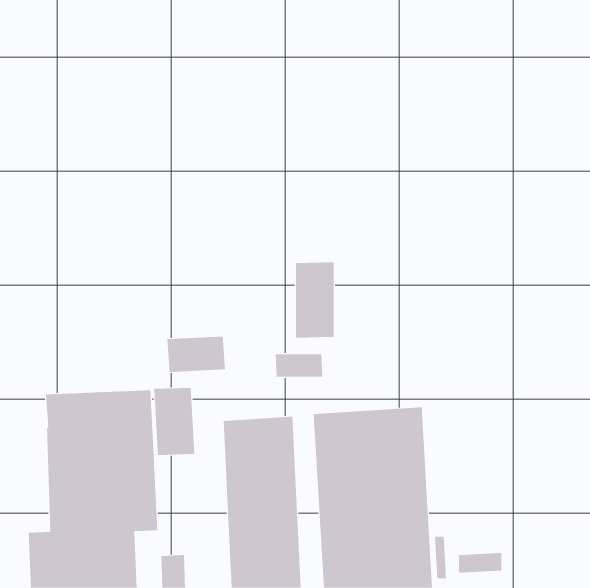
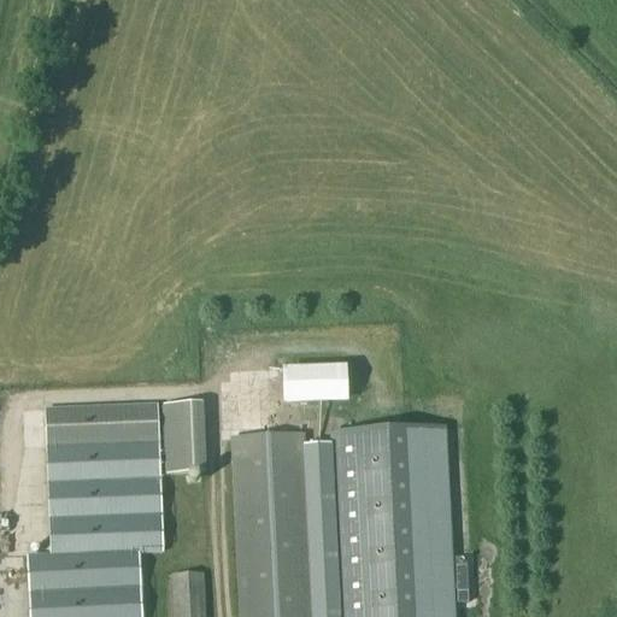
building: [296,261,334,338] -> none
building: [167,336,226,373] -> none
building: [458,552,502,573] -> none

